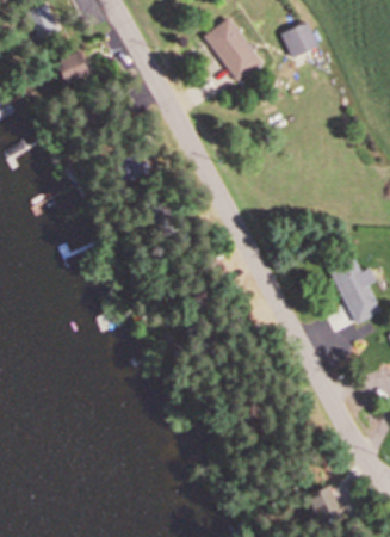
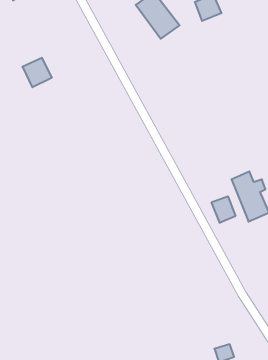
building: [51,50,91,90] -> [22,58,52,87]
building: none -> [212,196,235,223]

